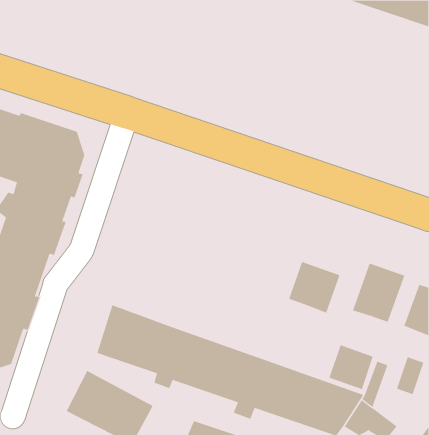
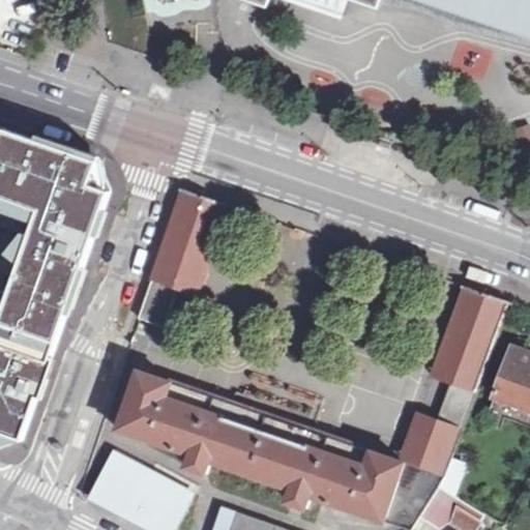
building: none -> [135,189,225,329]
building: none -> [448,287,503,335]
building: [289,261,340,313] -> none
building: [396,356,424,395] -> [437,385,471,432]

